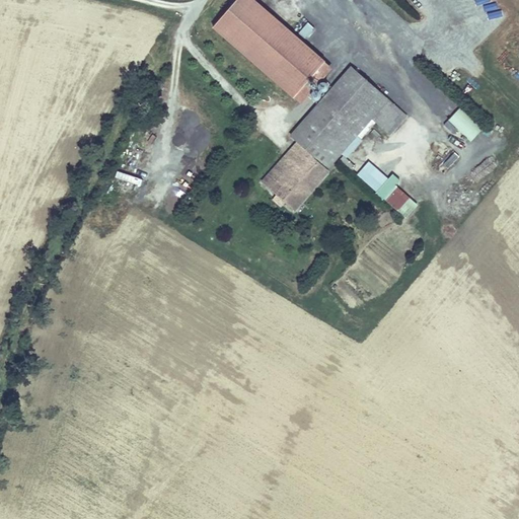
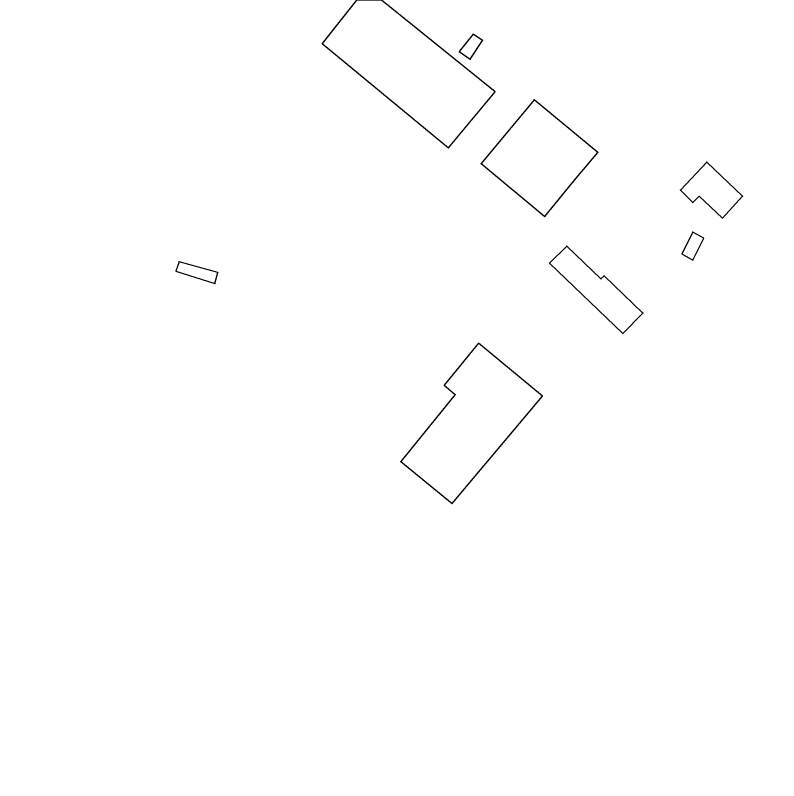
building: [374,99,410,134] -> none
building: [264,106,356,211] -> [401,343,542,504]

